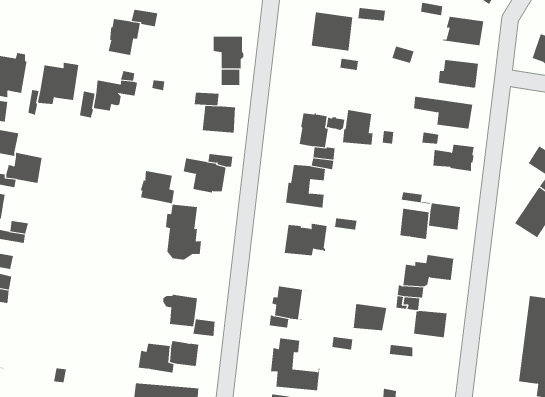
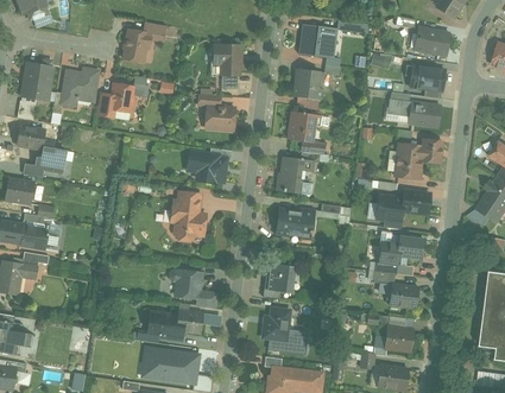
building: [342,110,374,145] -> [293,68,321,99]
building: none -> [394,142,422,178]
building: [140,170,174,204] -> none
building: [353,304,387,331] -> [384,327,414,350]

